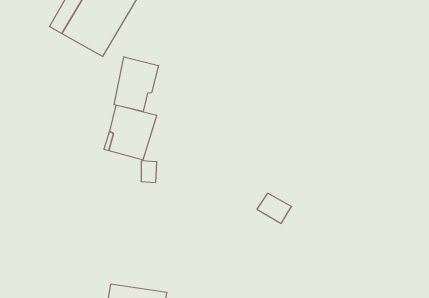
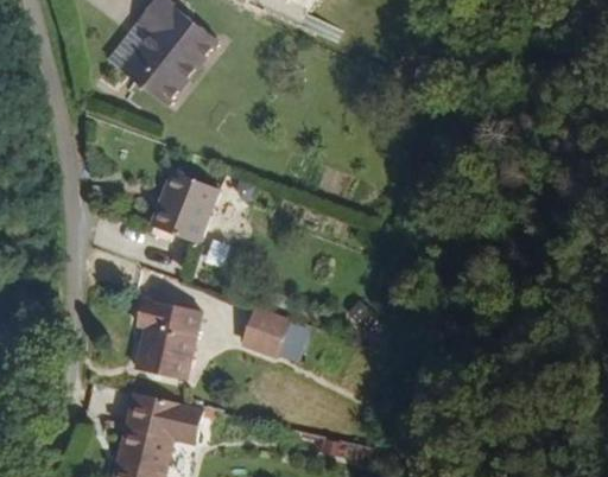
building: [114,57,159,111] -> none
building: none -> [242,307,290,355]
building: none -> [129,294,192,380]

